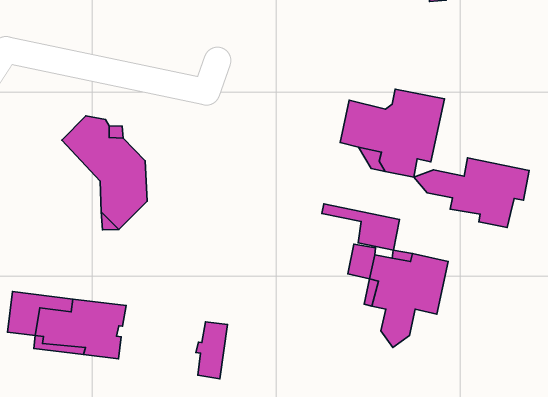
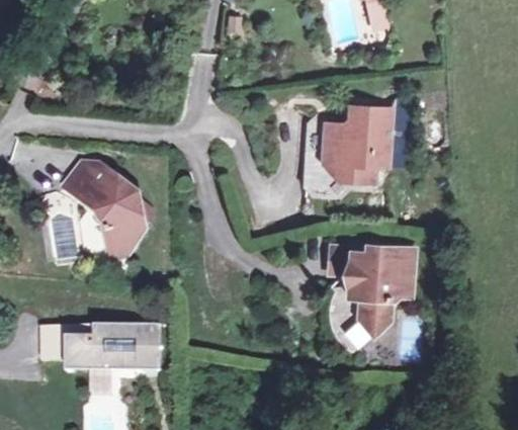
building: [414,158,529,227] -> none
building: [322,204,400,250] -> none
building: [196,322,228,379] -> [136,322,160,369]

